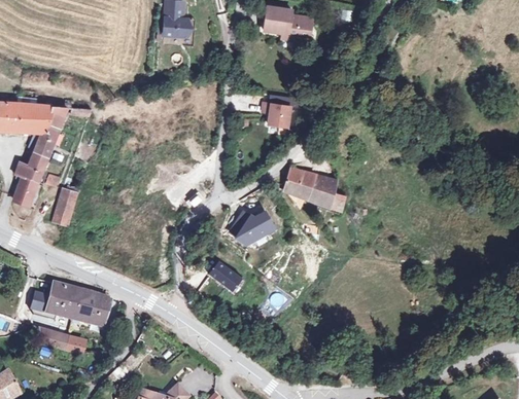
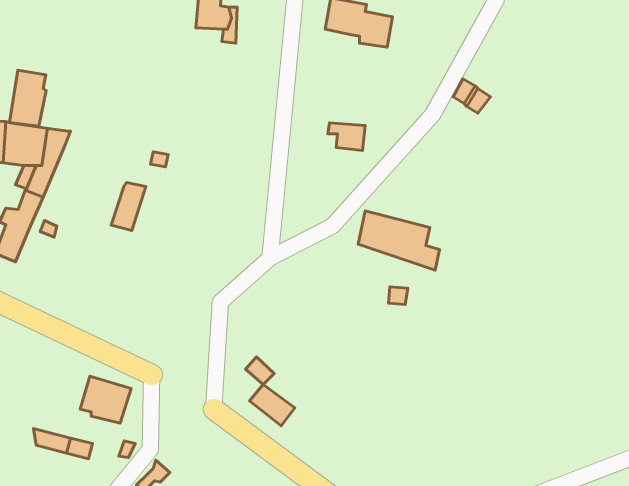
building: none -> [9,70,46,126]
building: [54,186,79,222] -> [111,182,146,231]
building: [234,208,273,241] -> none
building: [209,262,243,293] -> [250,384,295,426]
building: [33,283,82,318] -> none

